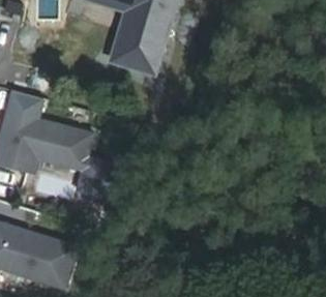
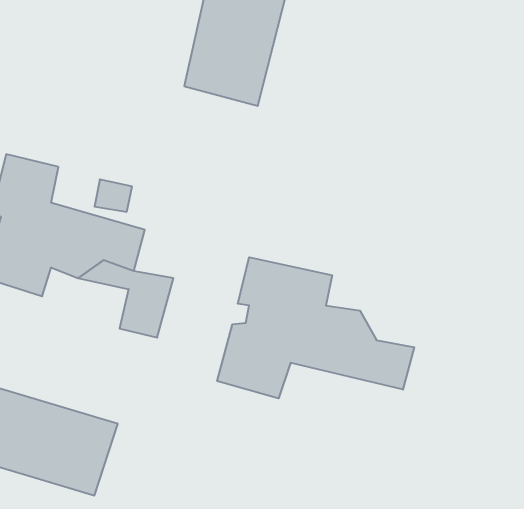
building: none -> [217,257,414,398]

